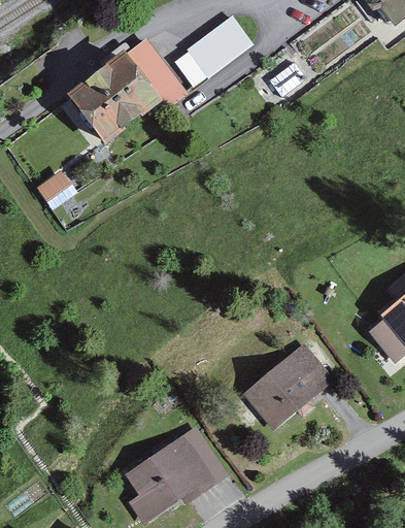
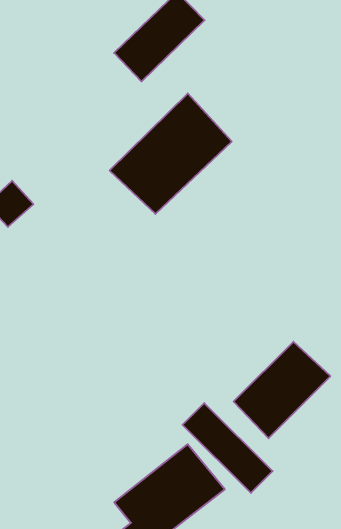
building: [67,39,182,147] -> [110,93,232,214]
building: none -> [183,403,273,493]

